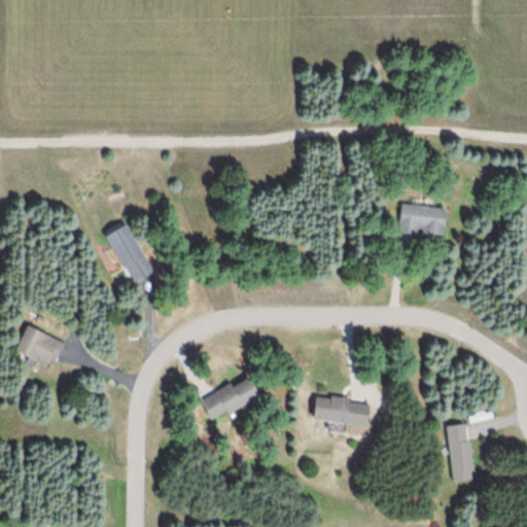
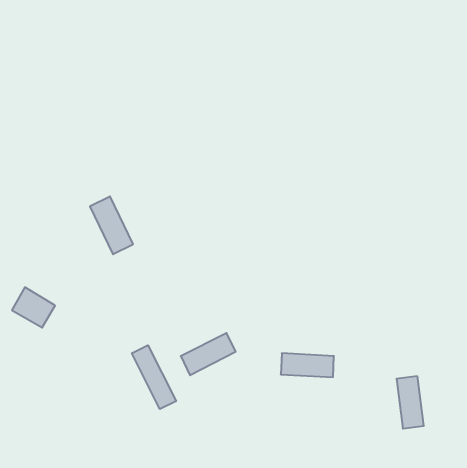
building: [398,205,450,235] -> none
building: none -> [132,345,176,409]

